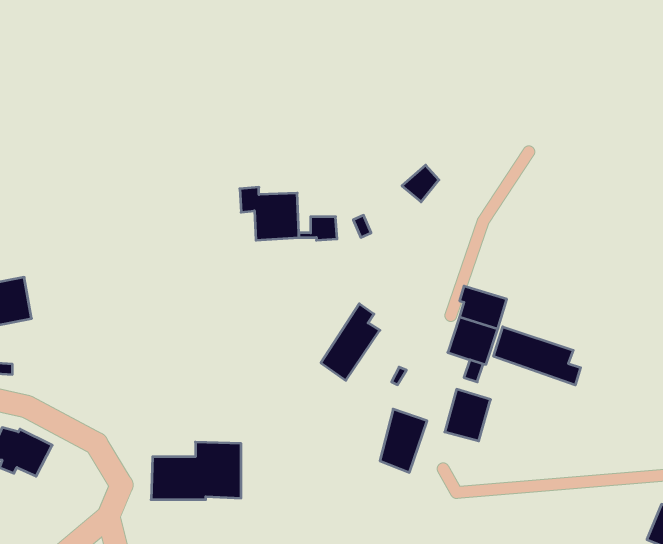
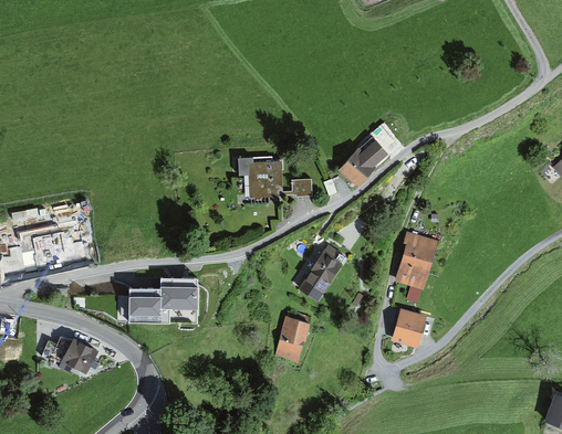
building: none -> [341,152,374,186]
building: [494,327,581,385] -> none
building: [380,409,427,472] -> [274,314,310,361]
building: [151,442,241,500] -> [128,278,196,321]

